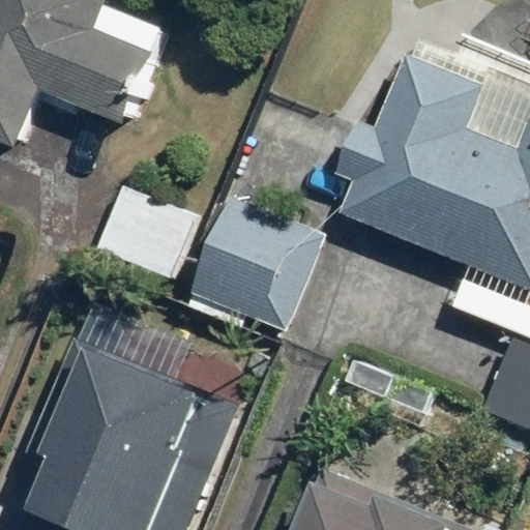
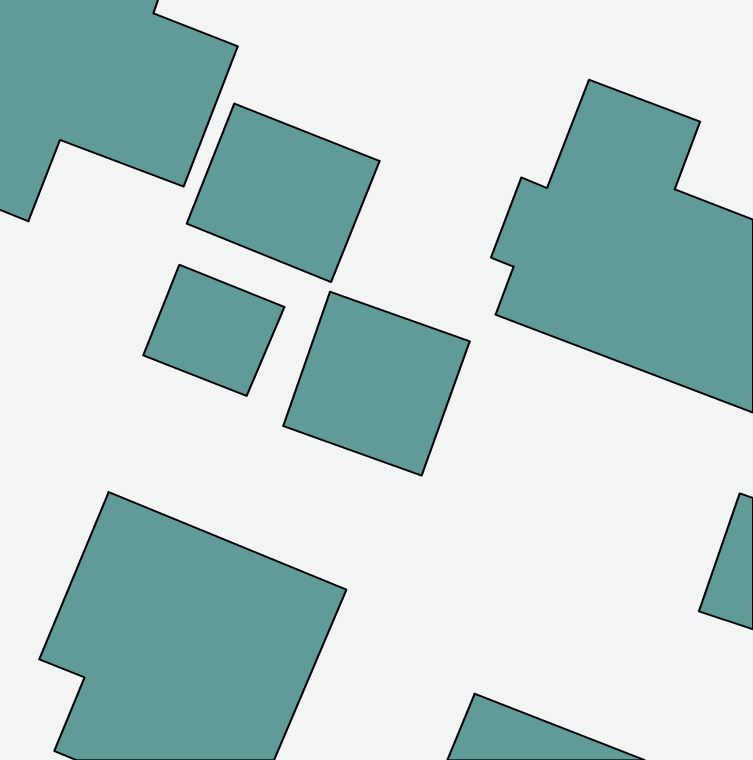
building: none -> [187,103,380,282]

